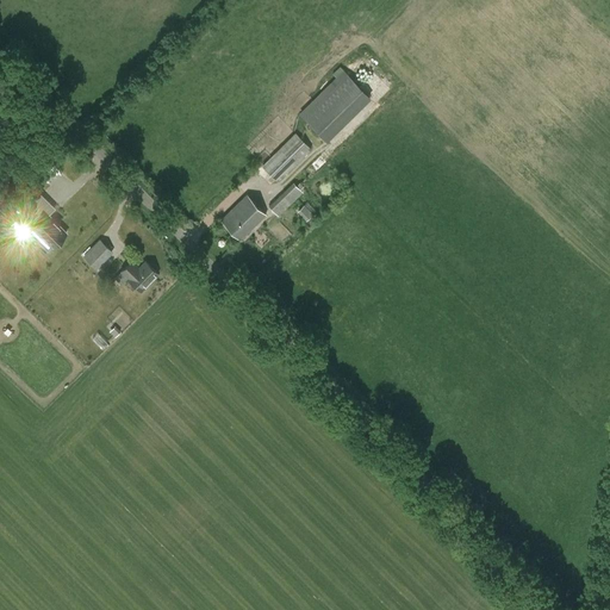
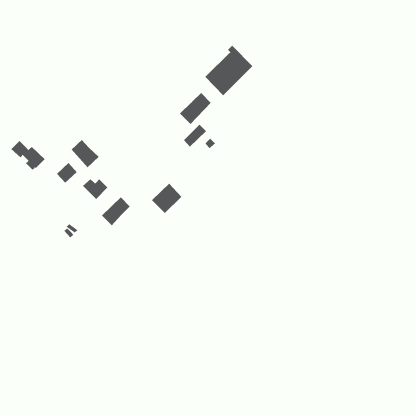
building: [220,197,266,242] -> [151,183,182,214]
building: none -> [71,139,99,168]
building: none -> [101,197,131,226]

